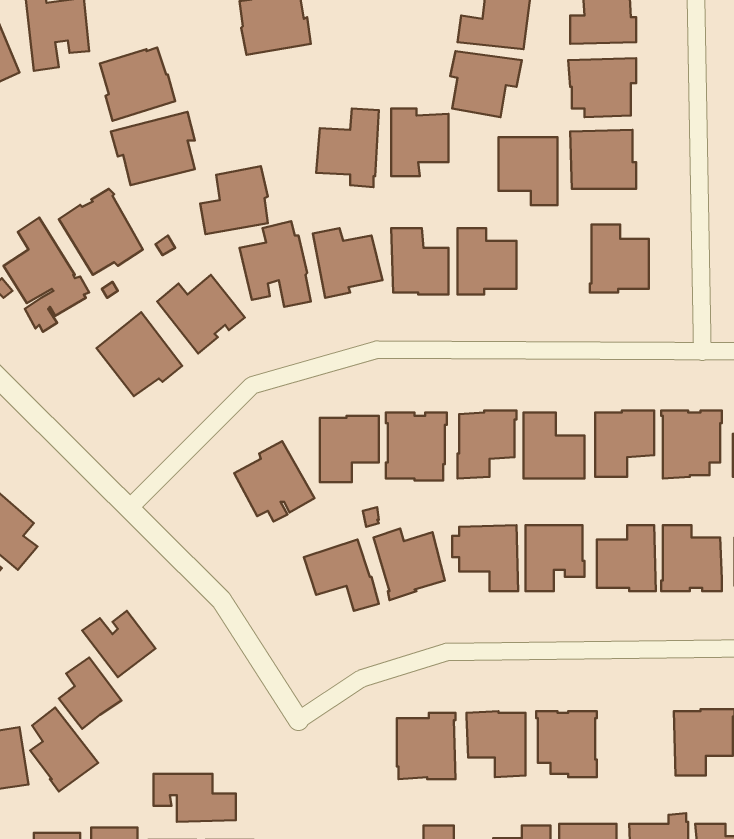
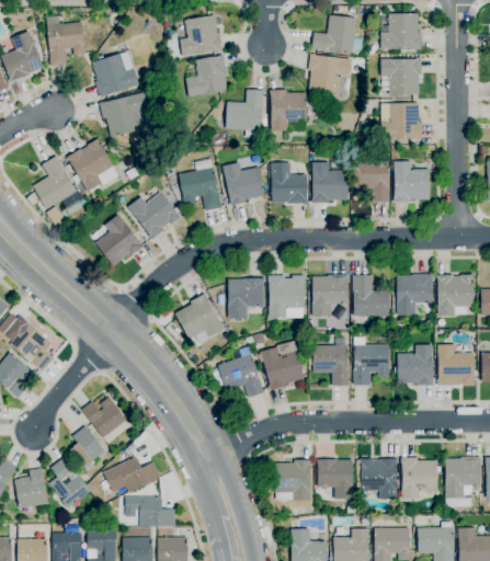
building: [499,137,558,205] -> [353,161,389,203]
building: [200,166,268,234] -> [186,56,228,98]
building: none -> [104,457,162,493]
building: none -> [401,458,438,499]

